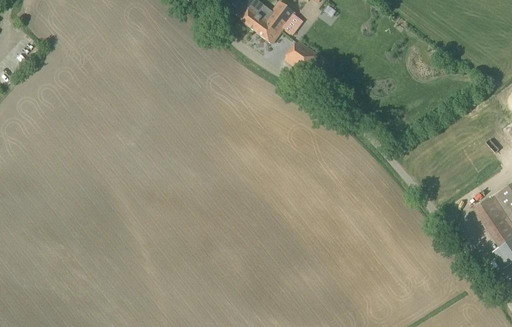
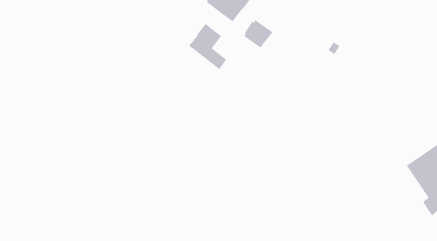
building: none -> [188,23,227,70]

